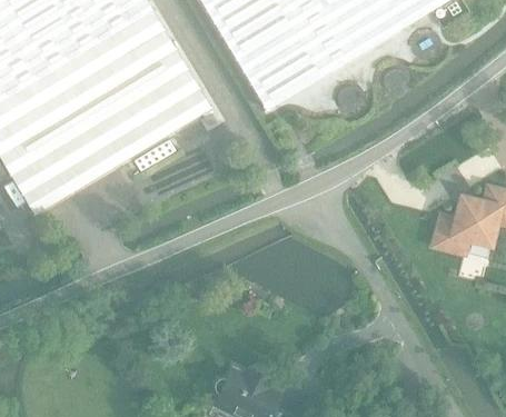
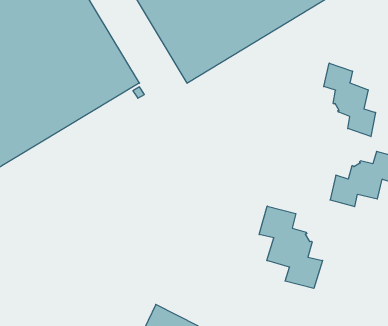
building: none -> [324,63,376,137]
building: none -> [259,206,323,288]

